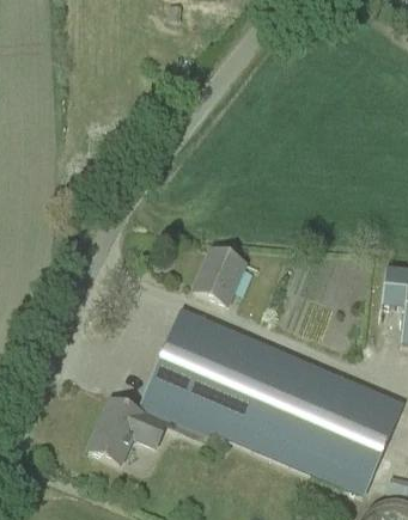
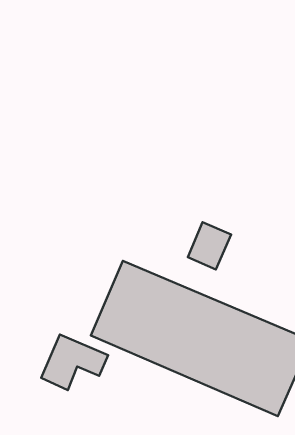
building: [194,246,244,301] -> [188,222,231,270]

